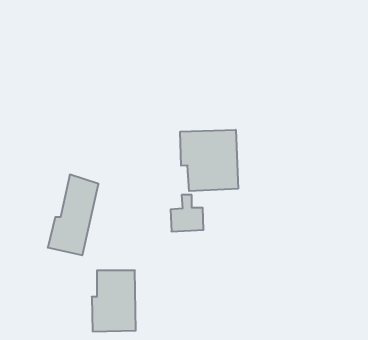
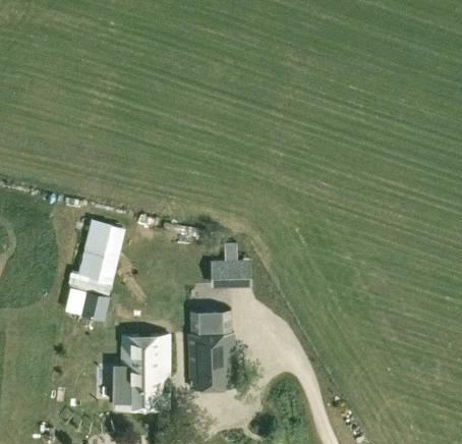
building: [180,130,238,191] -> none
building: none -> [189,309,236,387]

